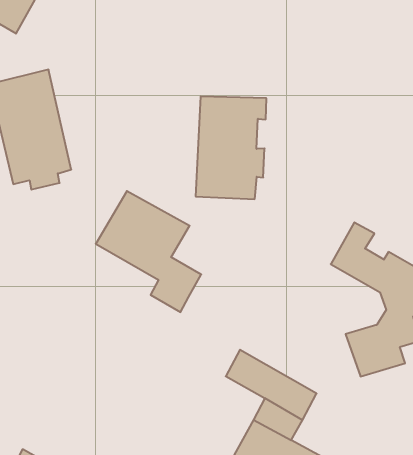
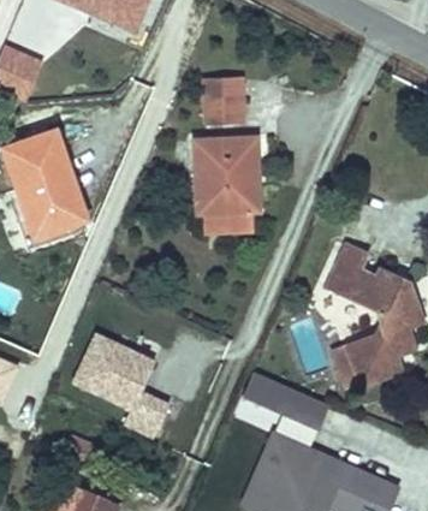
building: none -> [204,82,244,125]
building: [96,191,201,312] -> [71,333,170,439]

